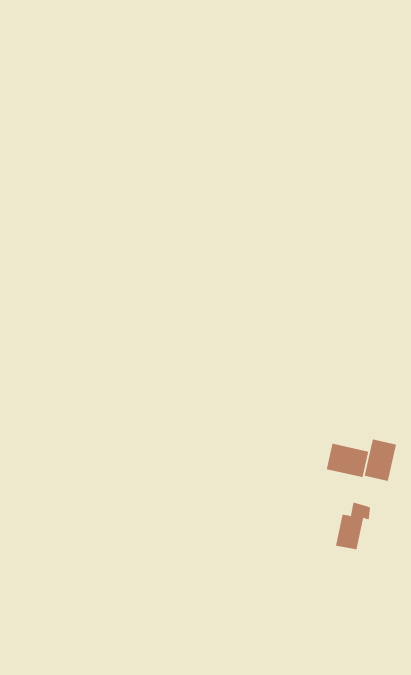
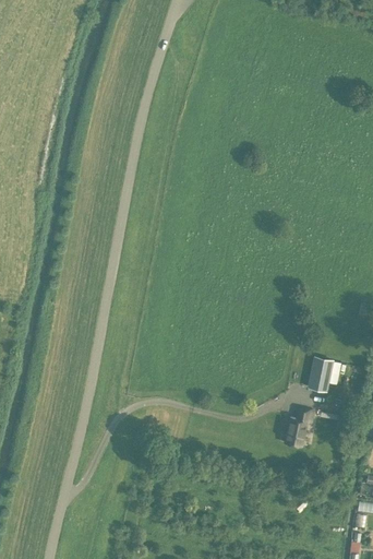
building: [326,443,369,478] -> none

